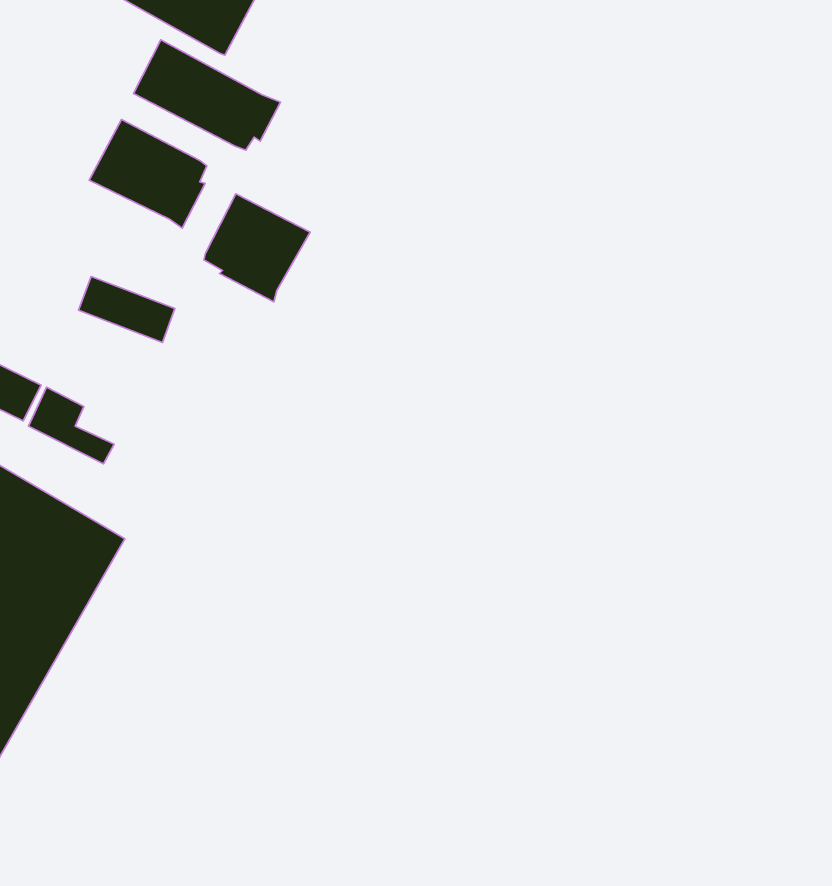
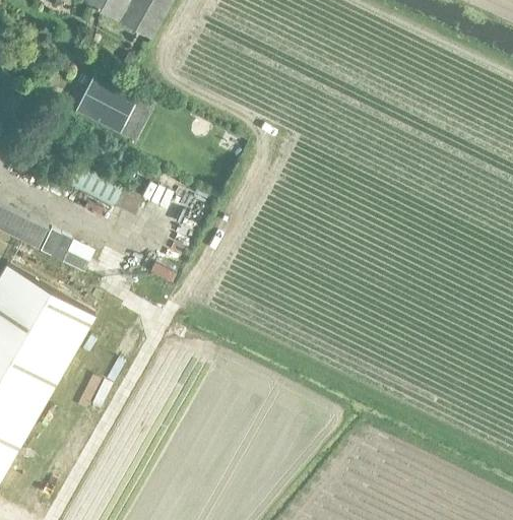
building: [134,40,281,150] -> none
building: [204,194,310,302] -> none

